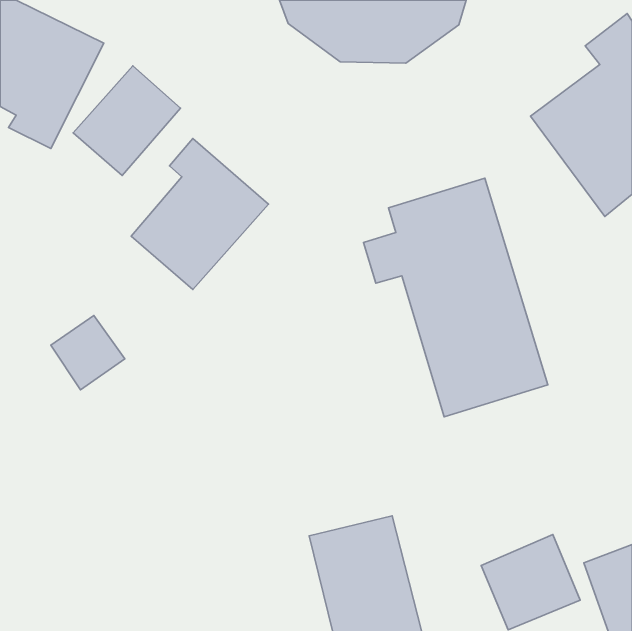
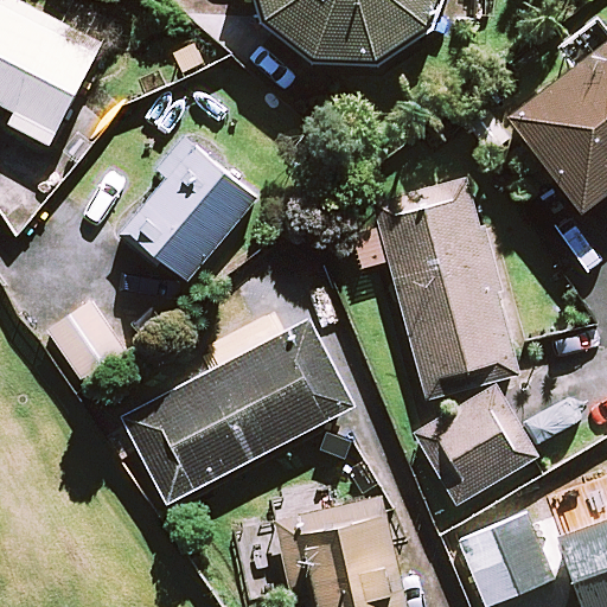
building: [73,66,181,176] -> none
building: none -> [123,324,350,503]
building: none -> [411,385,542,510]

